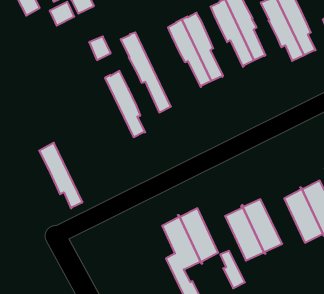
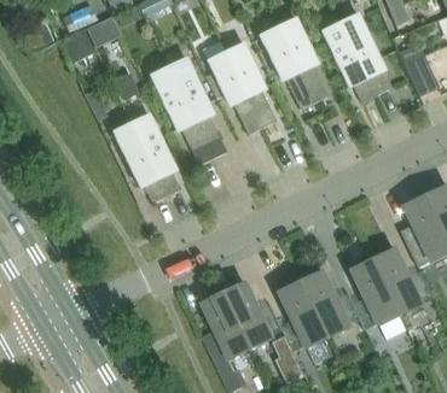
building: none -> [169,59,227,158]
building: [39,143,83,208] -> [114,123,167,203]

